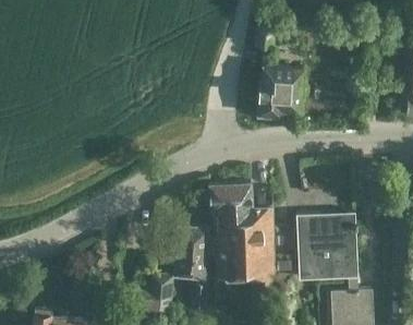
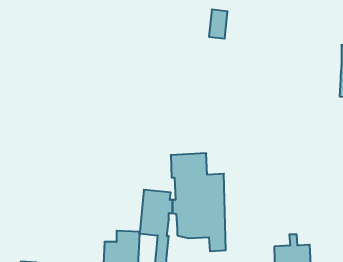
building: [258,67,304,117] -> none
building: [296,213,359,280] -> none

